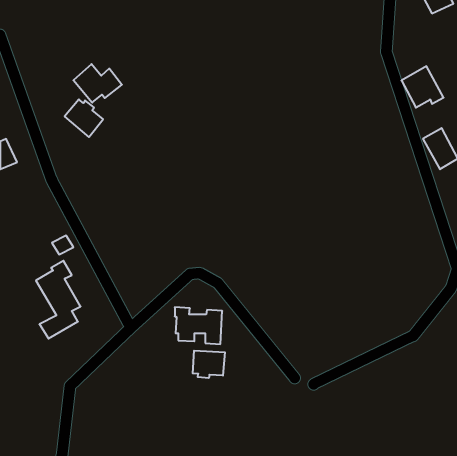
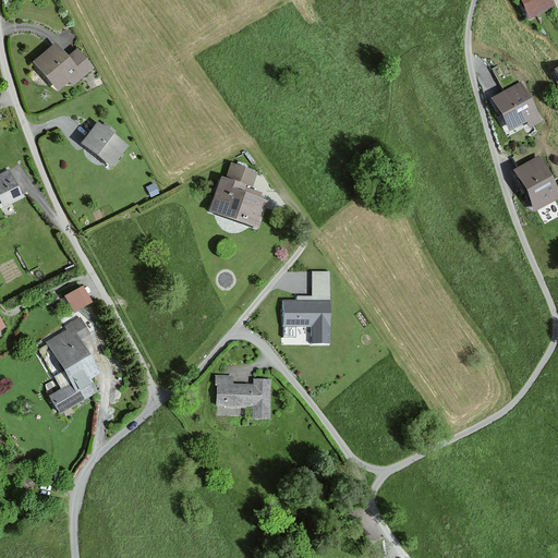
building: [73,64,122,103] -> [33,43,92,89]
building: none -> [208,162,267,228]
building: none -> [286,271,330,341]
building: [193,351,225,378] -> none

